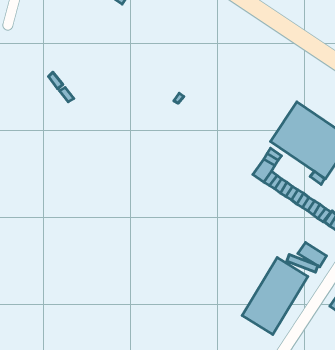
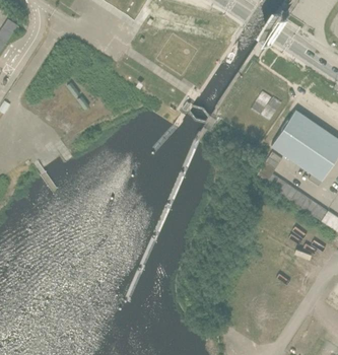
building: [242,257,308,335] -> none

